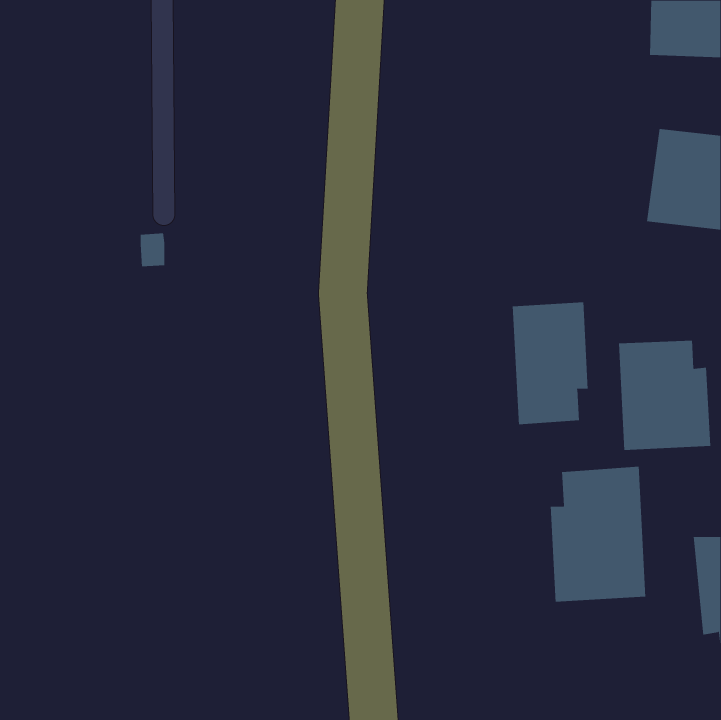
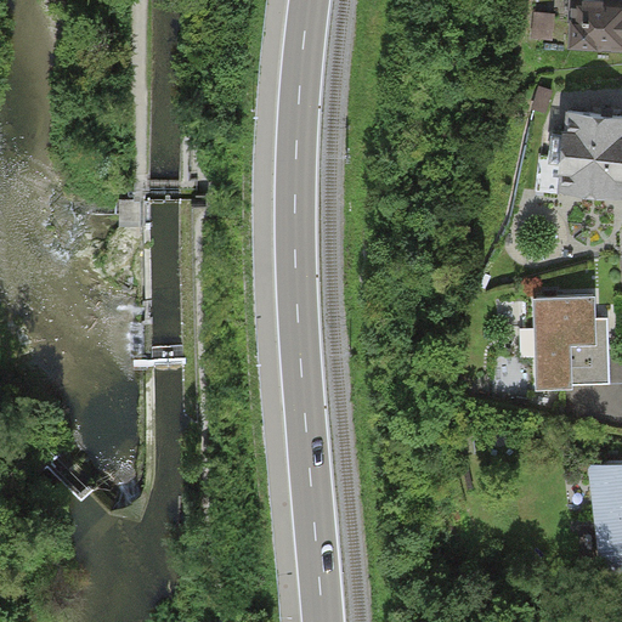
building: [512,302,588,425] -> none
building: [550,466,646,603] -> none

